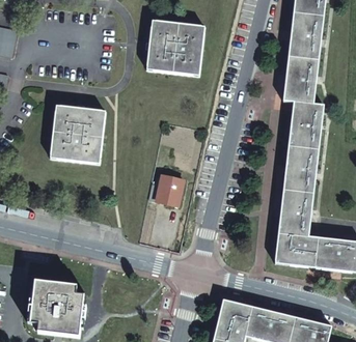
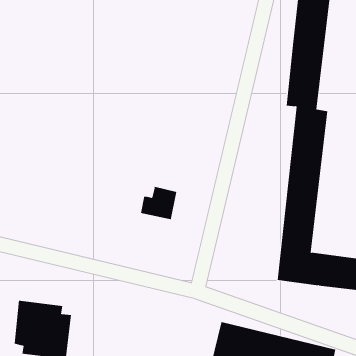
building: [147,20,204,74] -> none
building: [50,105,105,162] -> none

